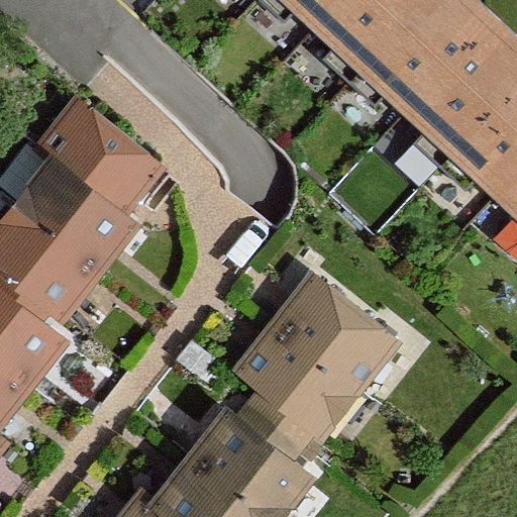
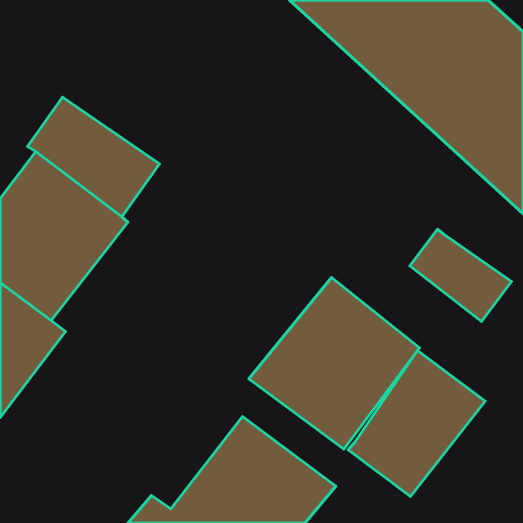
building: none -> [410,229,512,322]
building: none -> [348,351,485,496]

